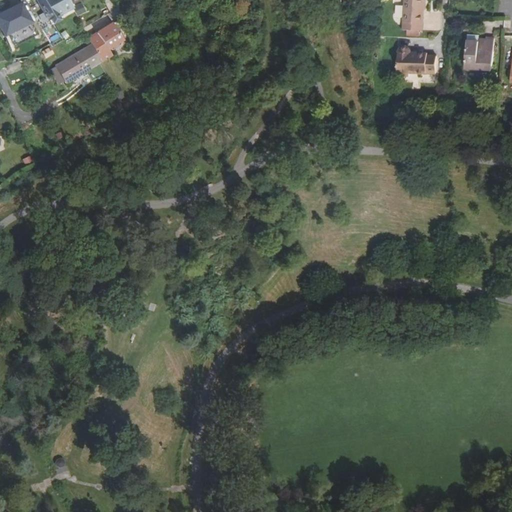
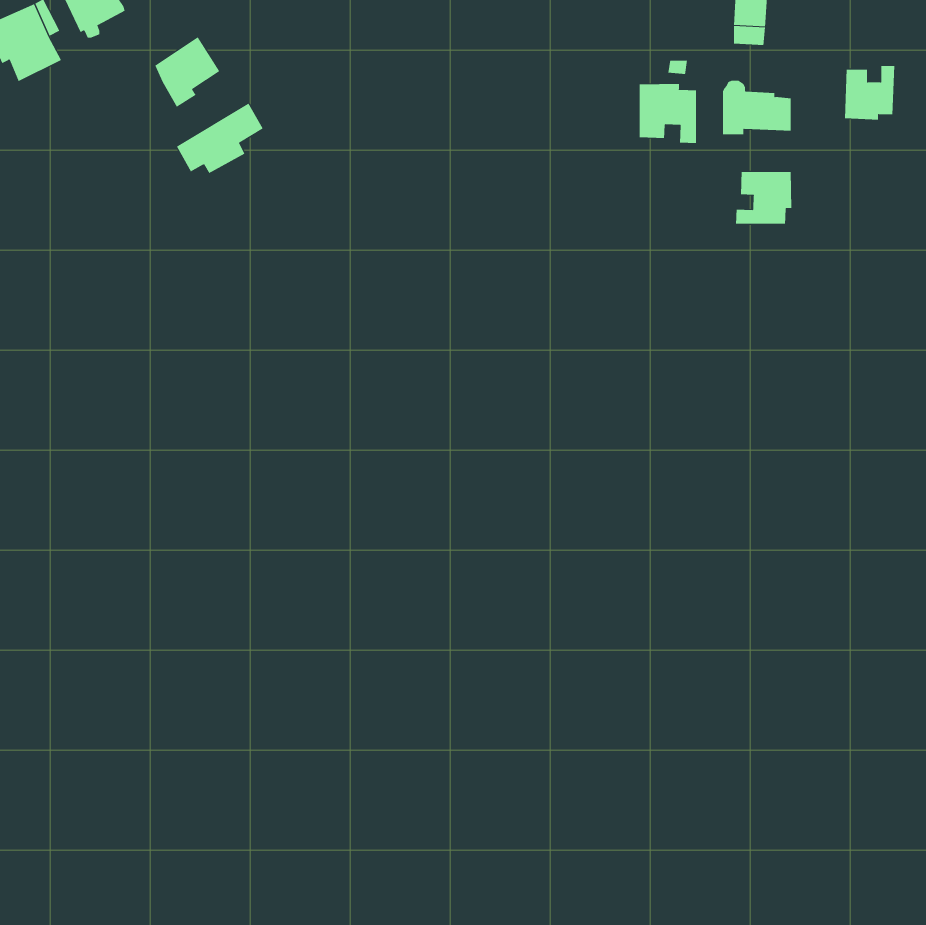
building: [49,45,97,84] -> [176,103,263,174]
building: none -> [639,83,696,144]
building: none -> [736,171,792,224]

